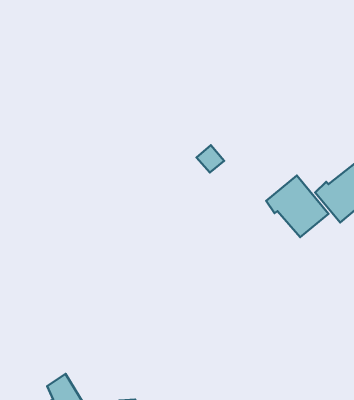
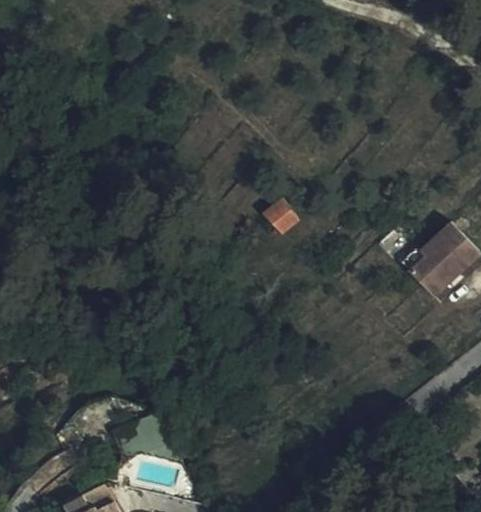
building: [266,175,329,237] -> none

